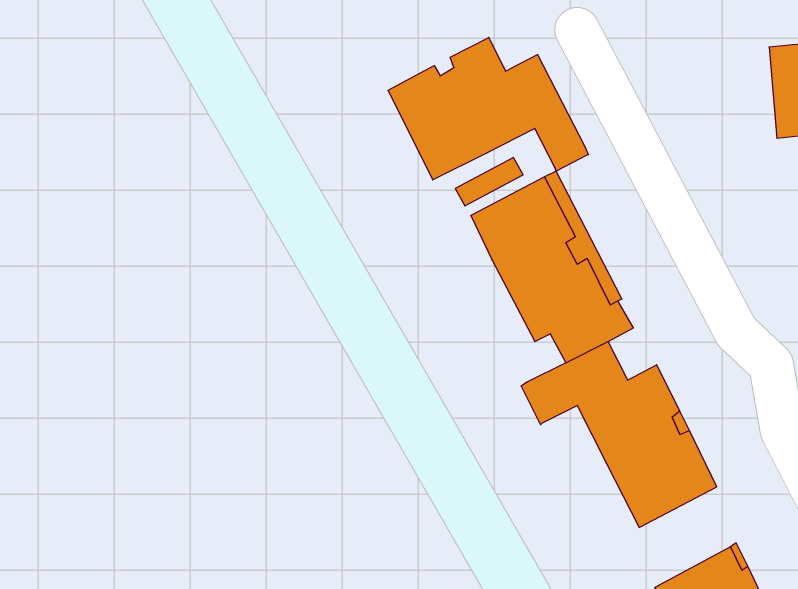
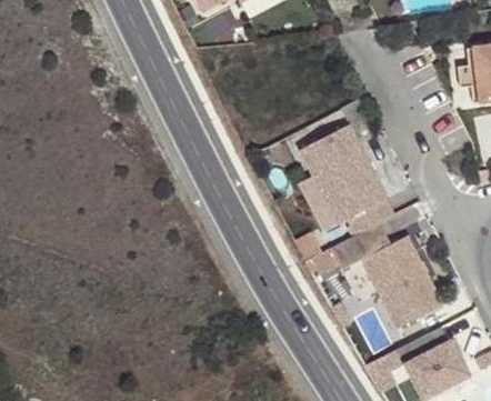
building: [388,37,588,180] -> none

